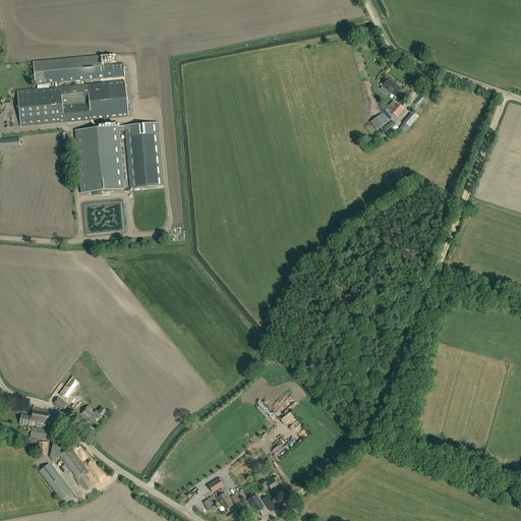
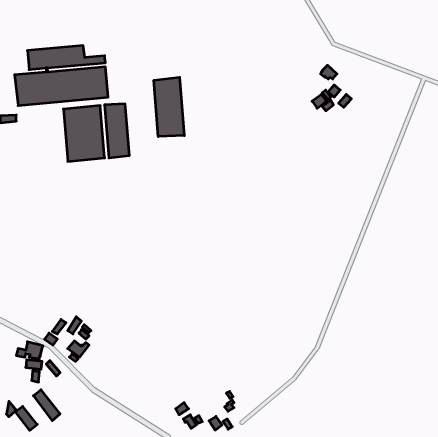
building: none -> [154,77,184,137]
building: [50,441,86,475] -> [6,401,37,430]

